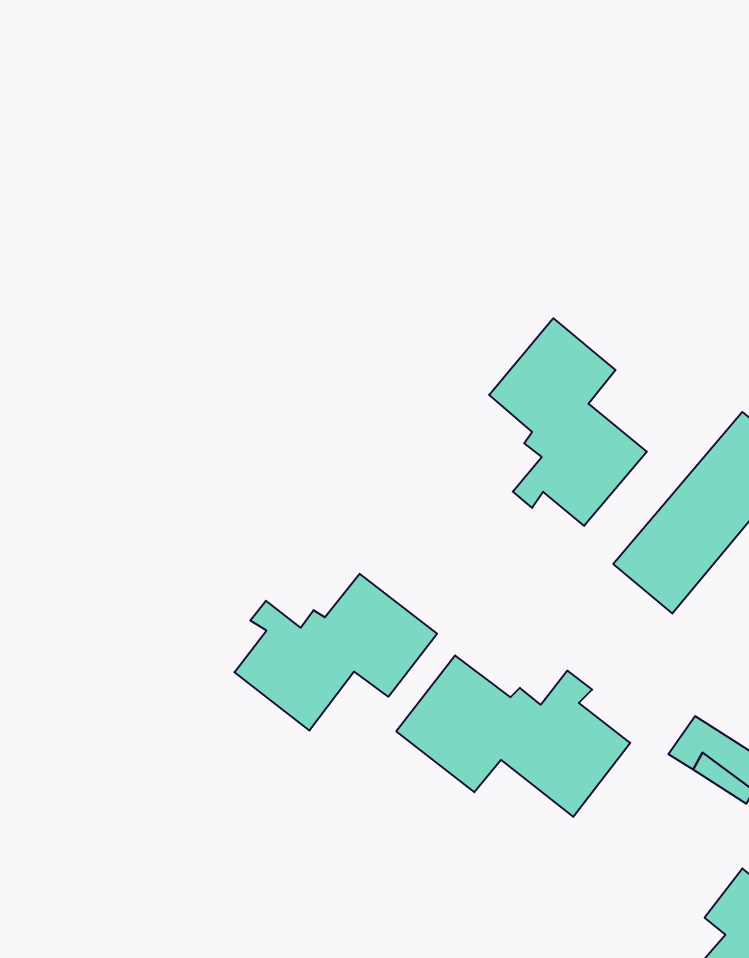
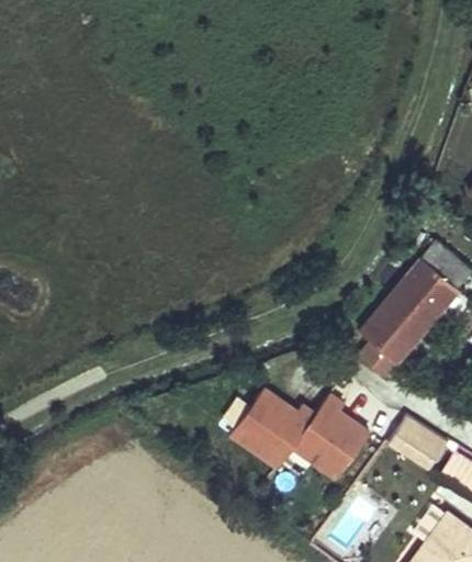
building: [489,318,647,526] -> none
building: [234,574,437,731] -> none

